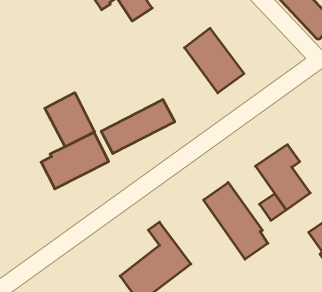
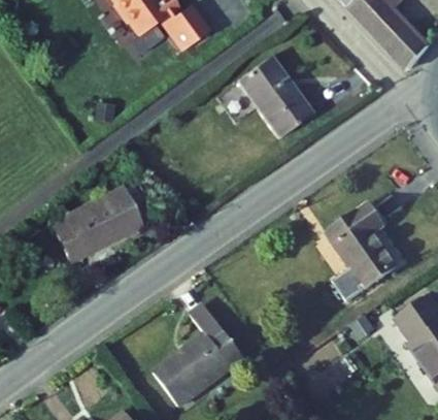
building: [45,93,95,147] -> none
building: [101,99,175,154] -> none
building: [204,182,268,259] -> none

